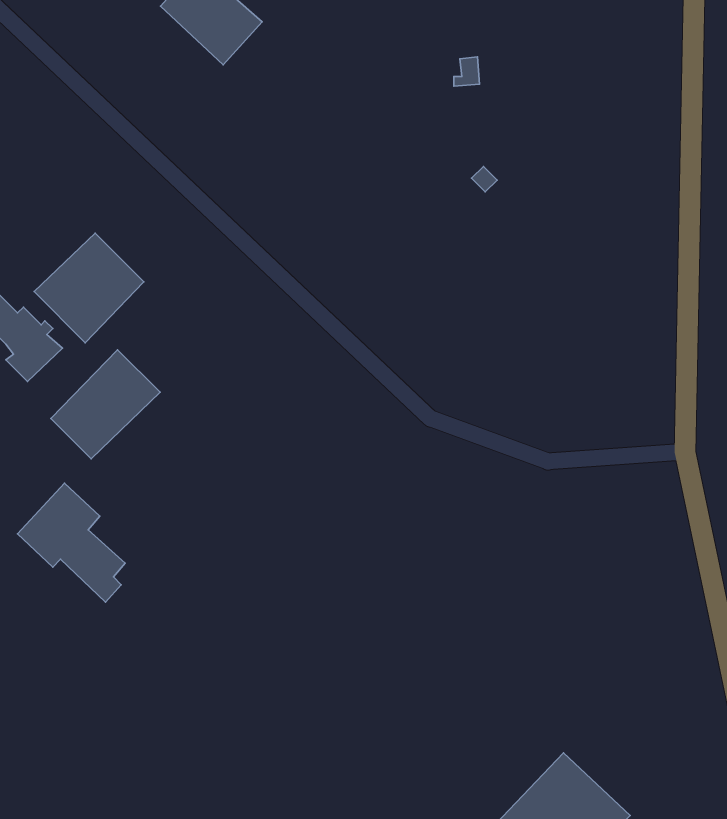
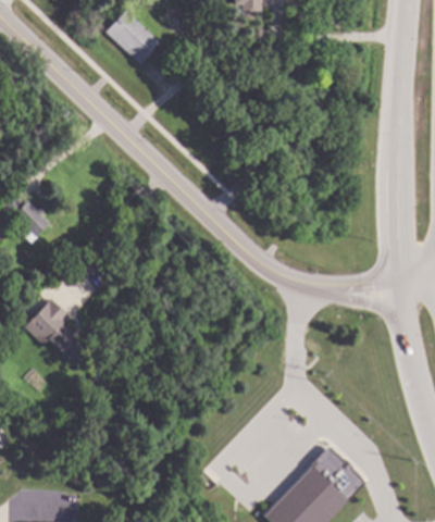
building: [34,233,144,343] -> none
building: [51,350,160,459] -> none

